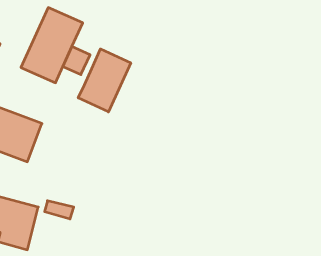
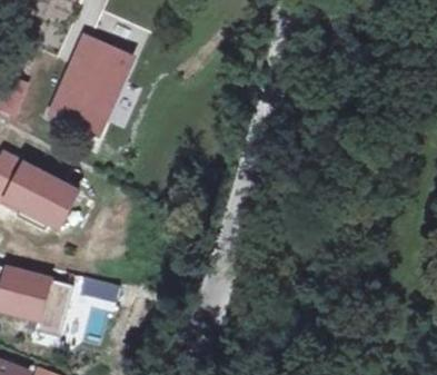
building: [78,49,131,112] -> none

